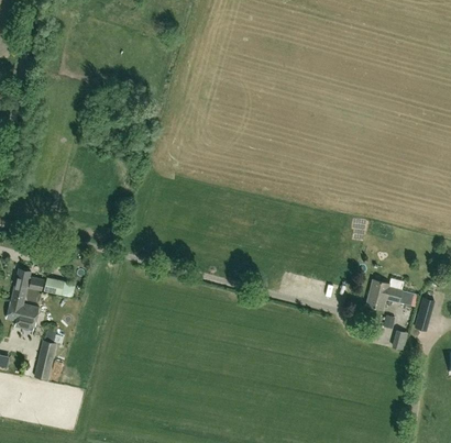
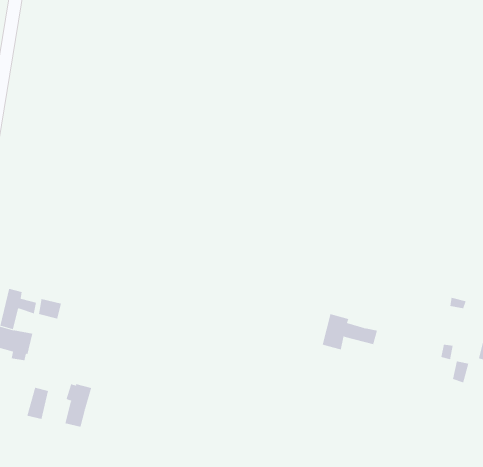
building: [366,278,414,309] -> [322,314,378,350]
building: none -> [65,383,92,428]

